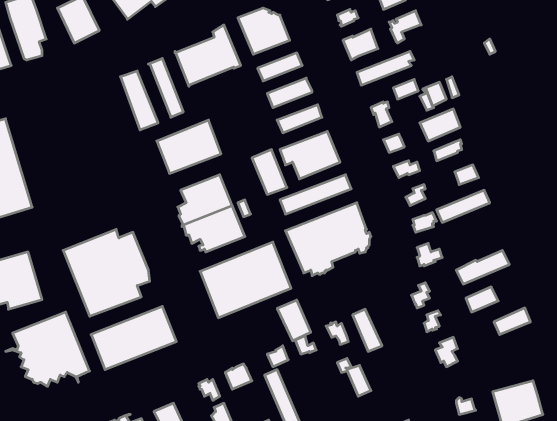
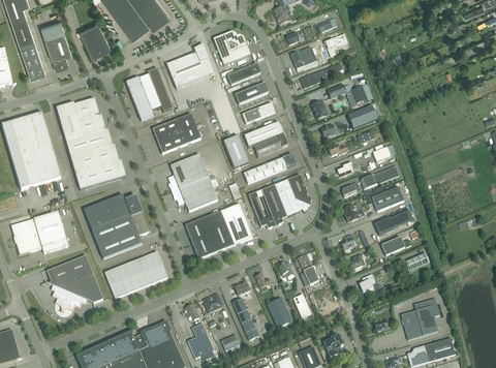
building: none -> [55,98,125,190]
building: none -> [370,186,403,212]
building: [277,300,311,341] -> [266,298,290,328]

